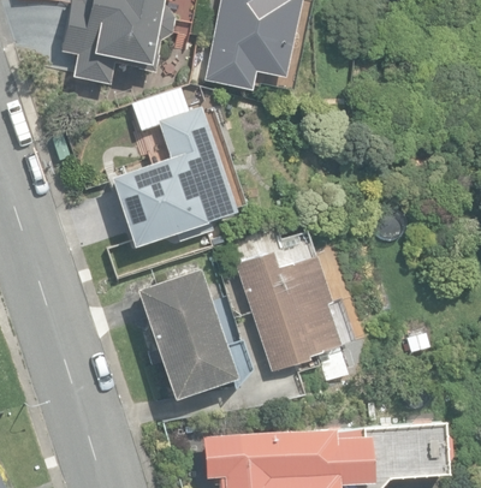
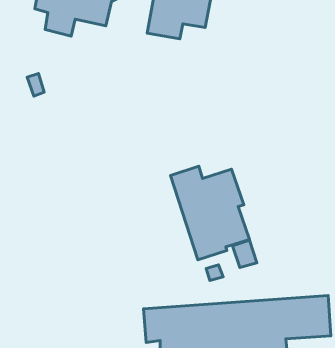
building: [112,107,237,248] -> none
building: [138,270,236,398] -> none

